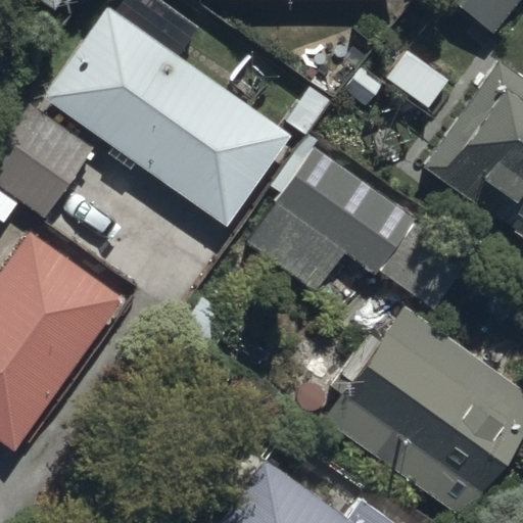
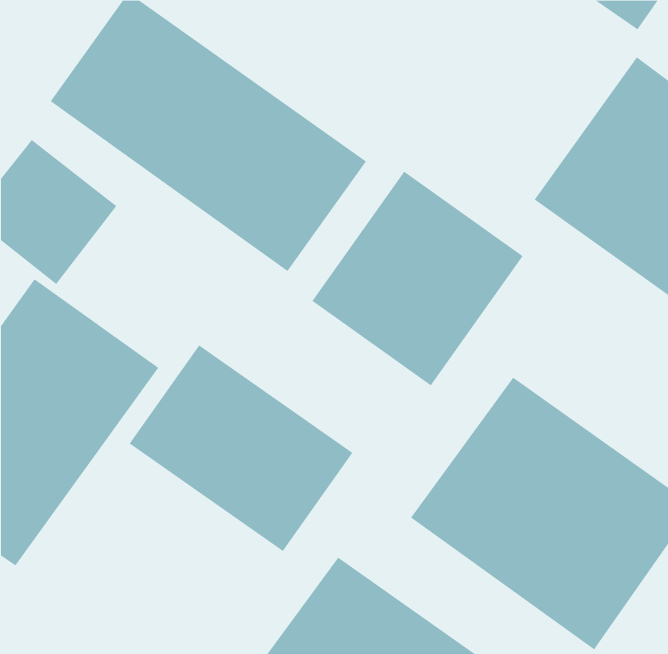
building: none -> [129,344,353,552]

